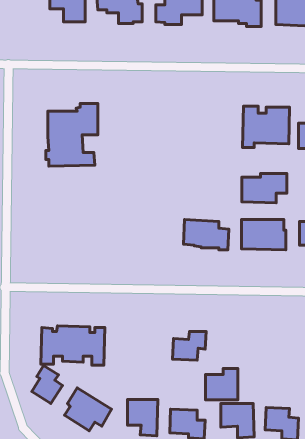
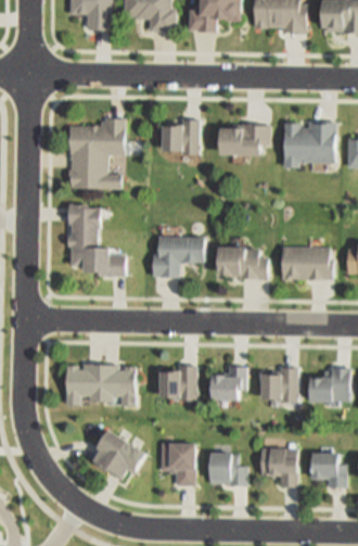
building: none -> [164,118,201,154]
building: [242,173,287,203] -> [222,123,272,155]
building: none -> [68,202,127,276]
building: none -> [154,234,205,276]
building: none -> [156,366,192,402]
building: none -> [308,368,348,403]
building: [32,365,63,404] -> none
building: [206,368,238,400] -> [257,366,293,401]

